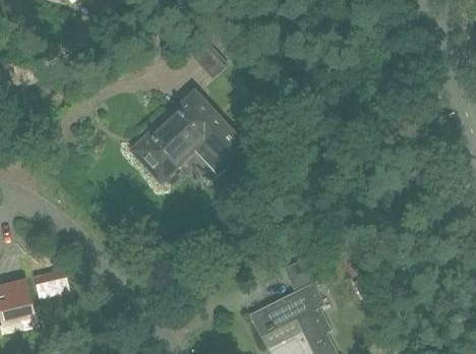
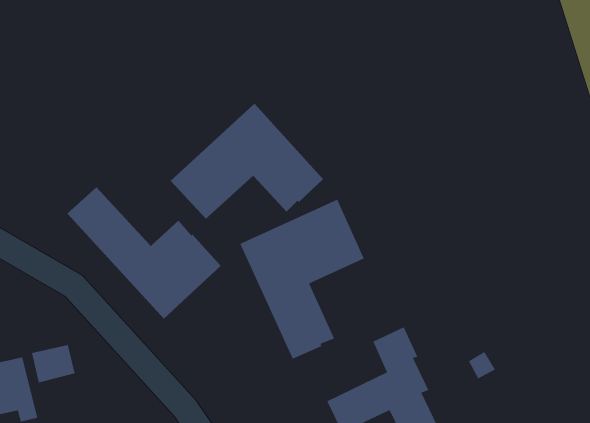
building: none -> [66,186,221,320]
building: none -> [239,199,364,359]

